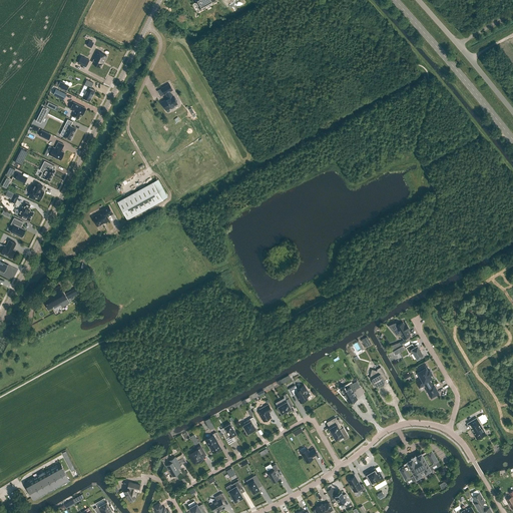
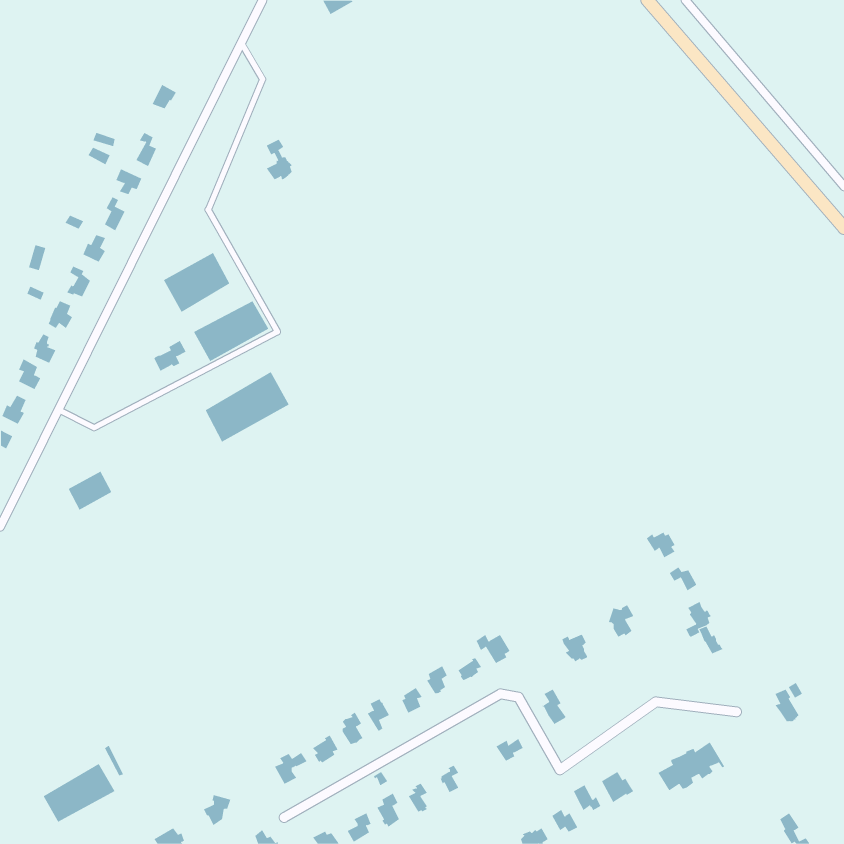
building: none -> [163,252,230,313]
building: none -> [205,371,290,442]

